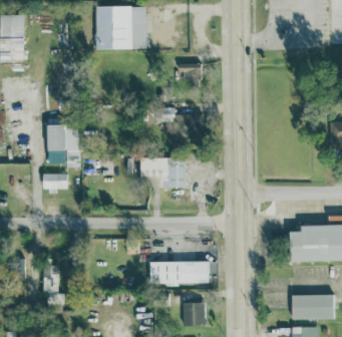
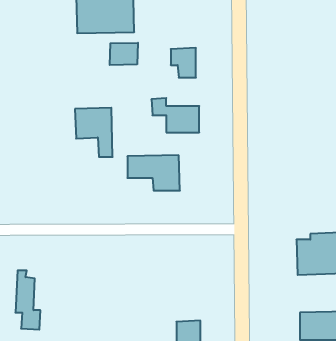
building: none -> [110,43,138,65]
building: [46,123,79,166] -> [75,108,113,157]
building: [43,173,68,191] -> none
building: [151,261,210,283] -> none

